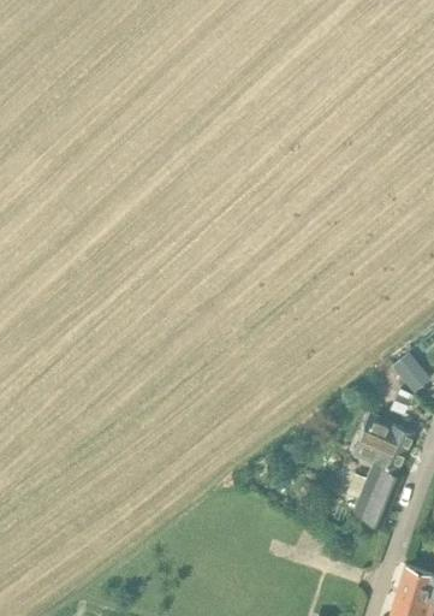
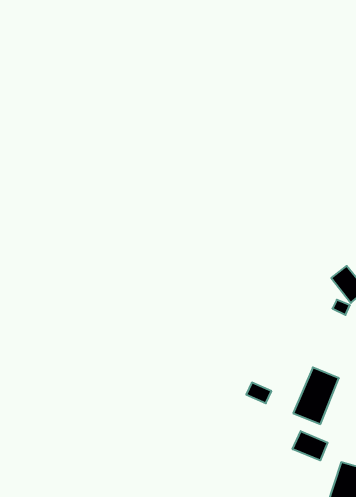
building: [356,419,411,473] -> none
building: none -> [293,431,328,460]

